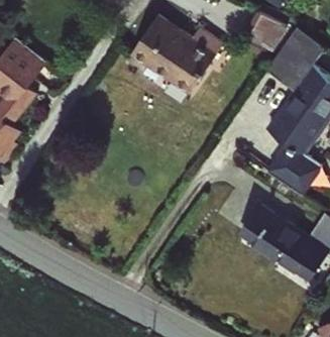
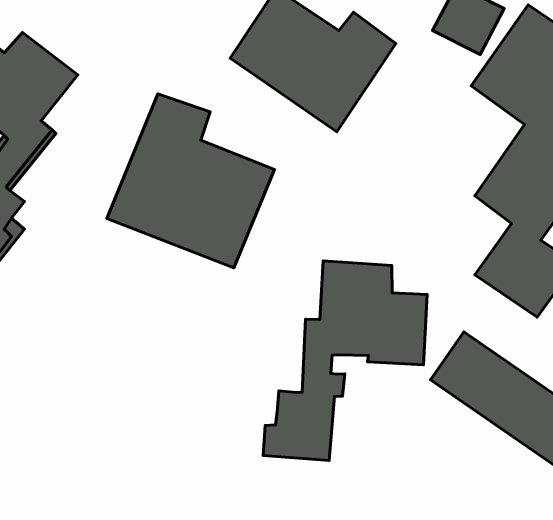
building: none -> [107,94,274,268]
building: none -> [263,261,427,461]

